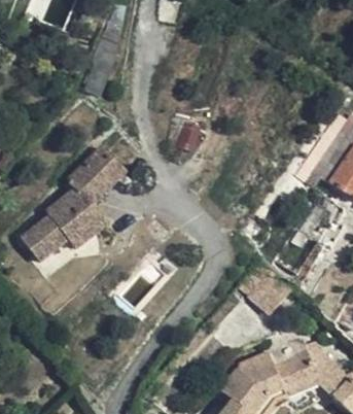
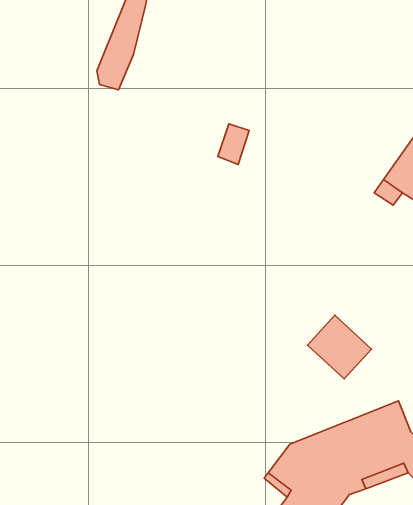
building: [22,147,127,262] -> none

